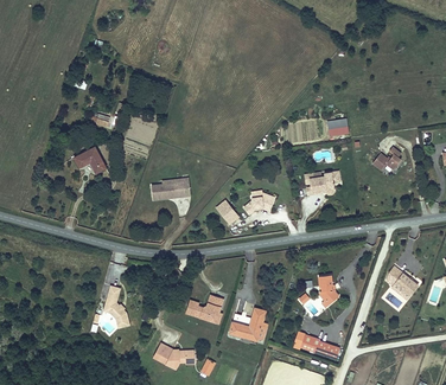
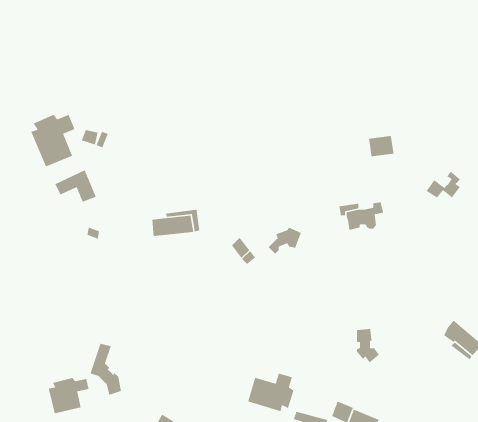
building: none -> [30,114,76,168]
building: [185,295,222,321] -> none
building: none -> [48,377,89,414]

